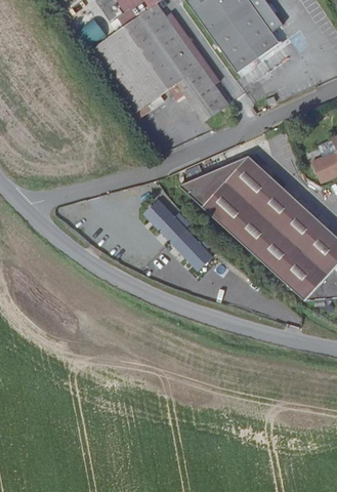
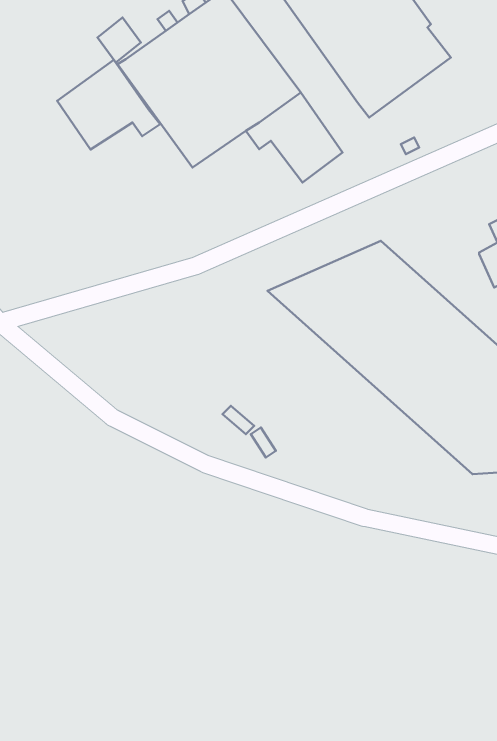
building: none -> [57,60,160,149]
building: [140,196,212,270] -> none

